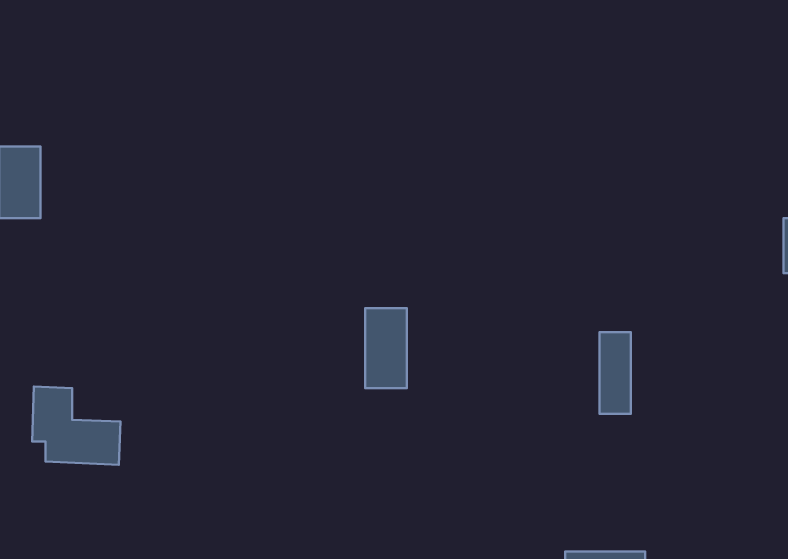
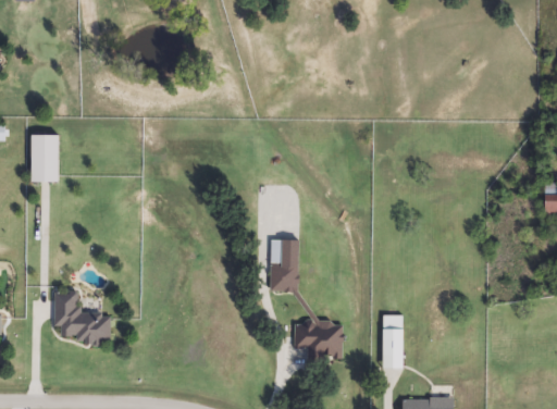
building: [599,332,631,414] -> [383,314,404,368]
building: none -> [294,319,345,368]

